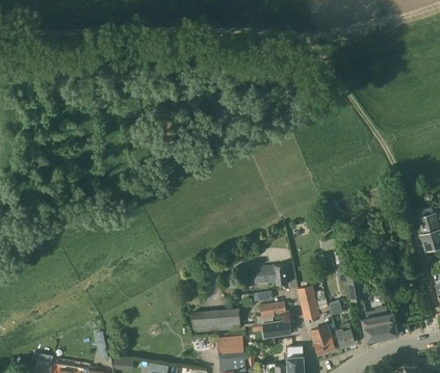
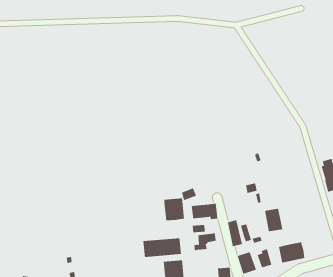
building: none -> [164,198,184,221]
building: [262,320,291,339] -> none

